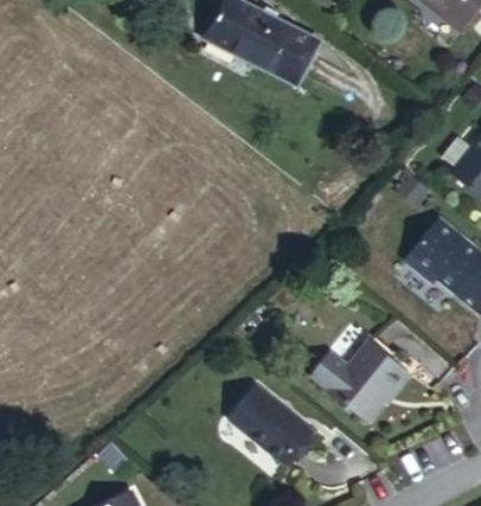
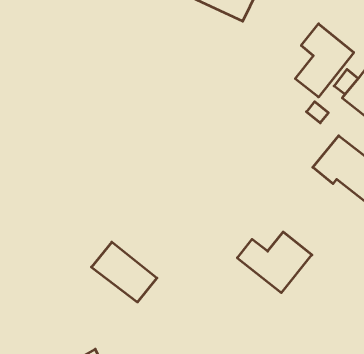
building: none -> [295,24,354,97]
building: [227,391,312,468] -> [91,242,157,302]

